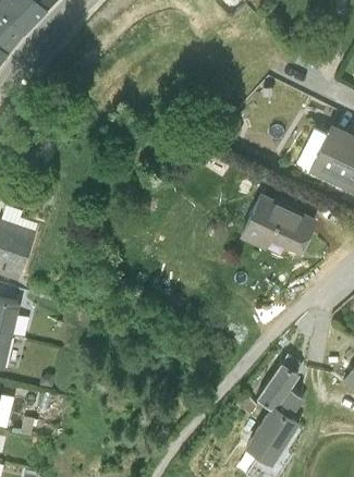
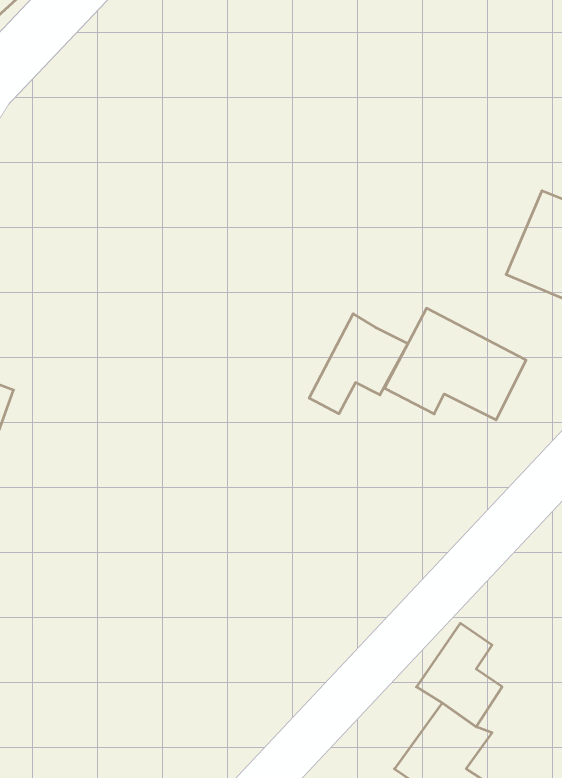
building: none -> [309,314,408,414]

